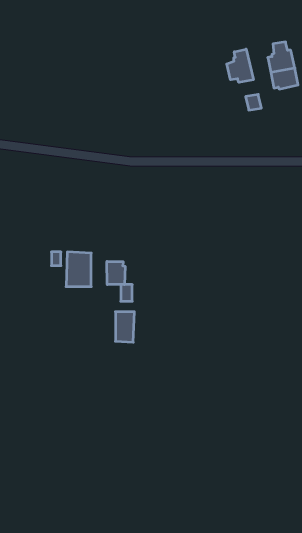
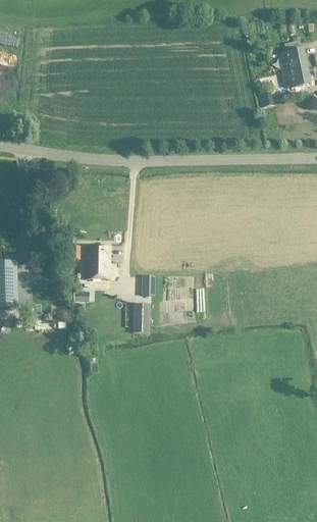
building: [227,49,253,82] -> none
building: [107,261,125,285] -> none

